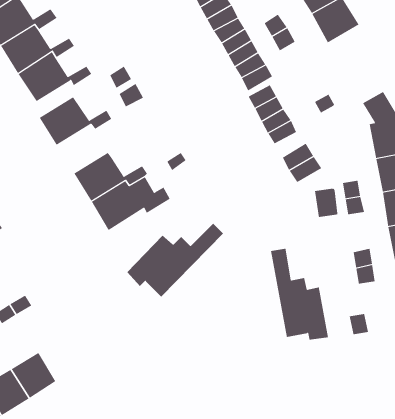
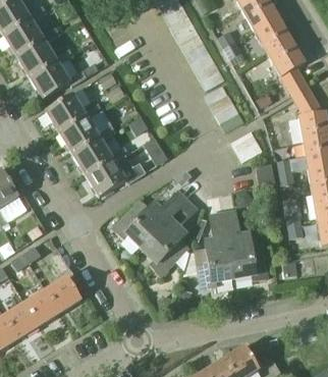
building: none -> [267,39,308,95]
building: none -> [59,115,116,153]
building: none -> [140,199,197,274]
building: none -> [184,212,235,289]
building: none -> [46,276,81,312]

